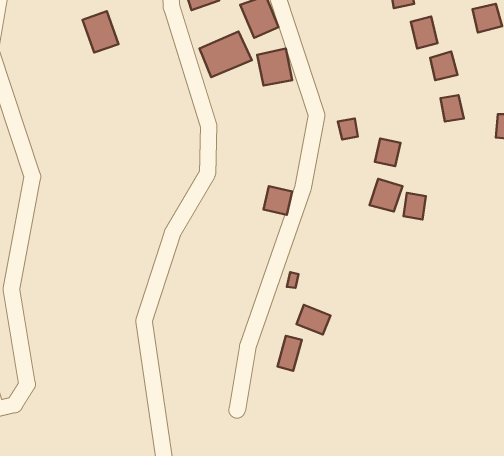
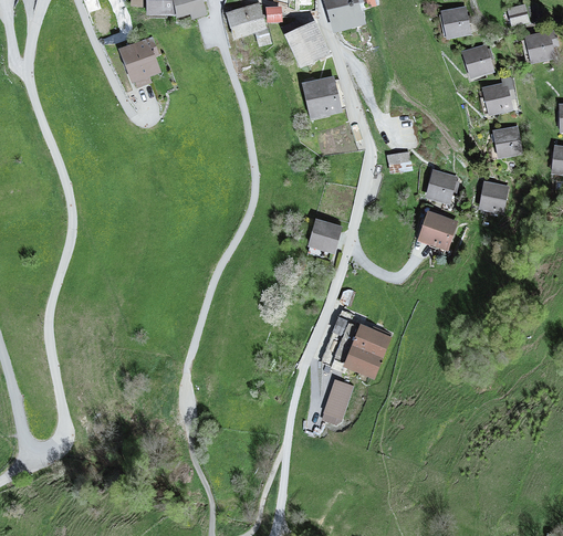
building: [200,31,252,77] -> none
building: [404,193,426,219] -> [482,182,505,210]
building: none -> [353,327,387,357]

